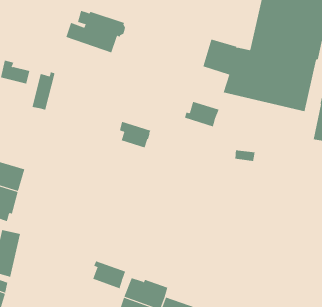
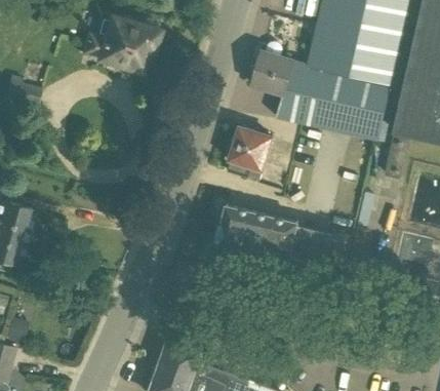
building: [32,71,55,111] -> none
building: [119,121,151,148] -> [227,147,266,180]
building: none -> [212,205,336,278]
building: [92,260,126,289] -> none

